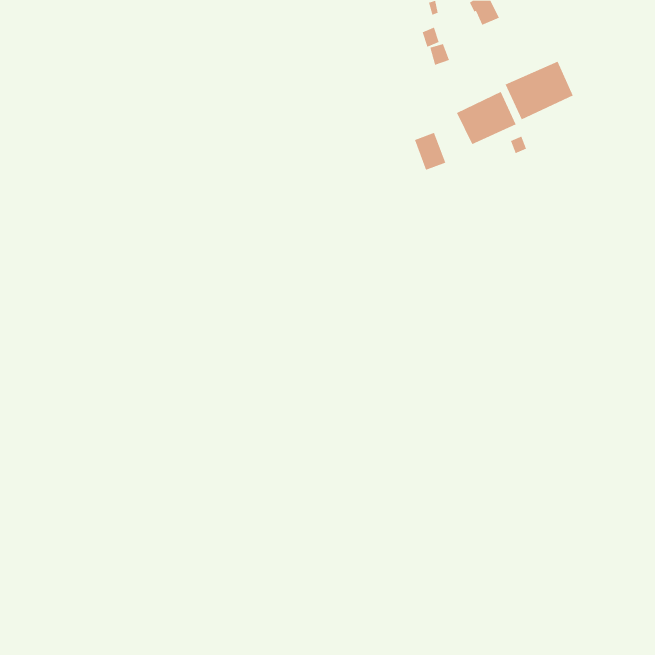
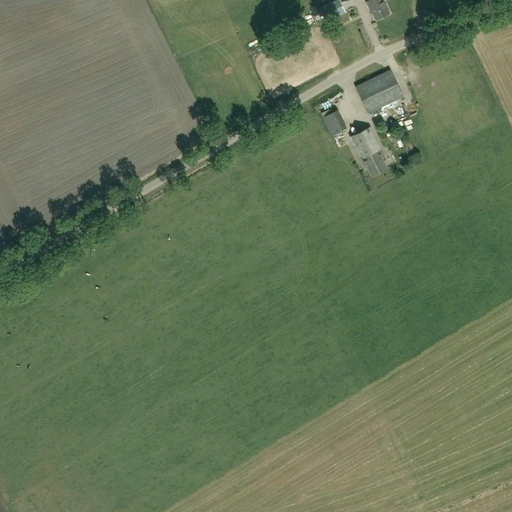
building: [505,61,574,120] -> none
building: none -> [350,127,388,176]

